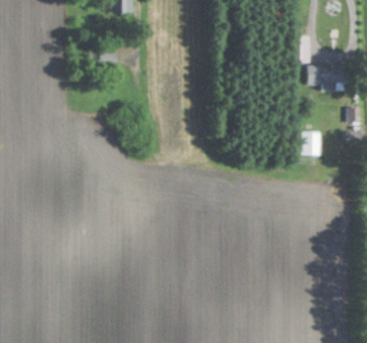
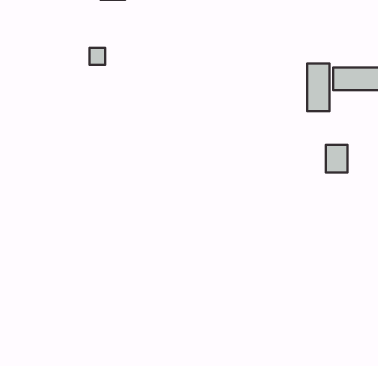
building: none -> [307,63,330,111]

